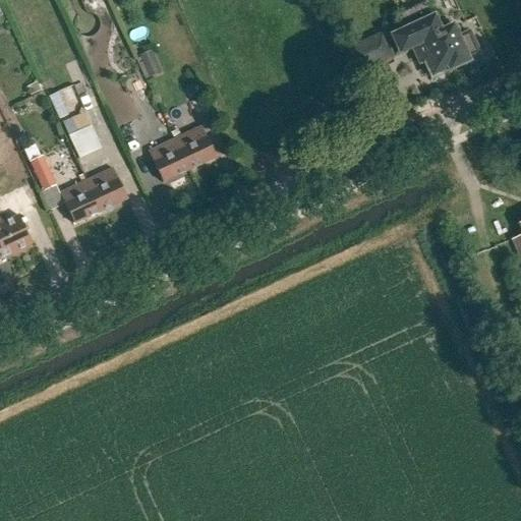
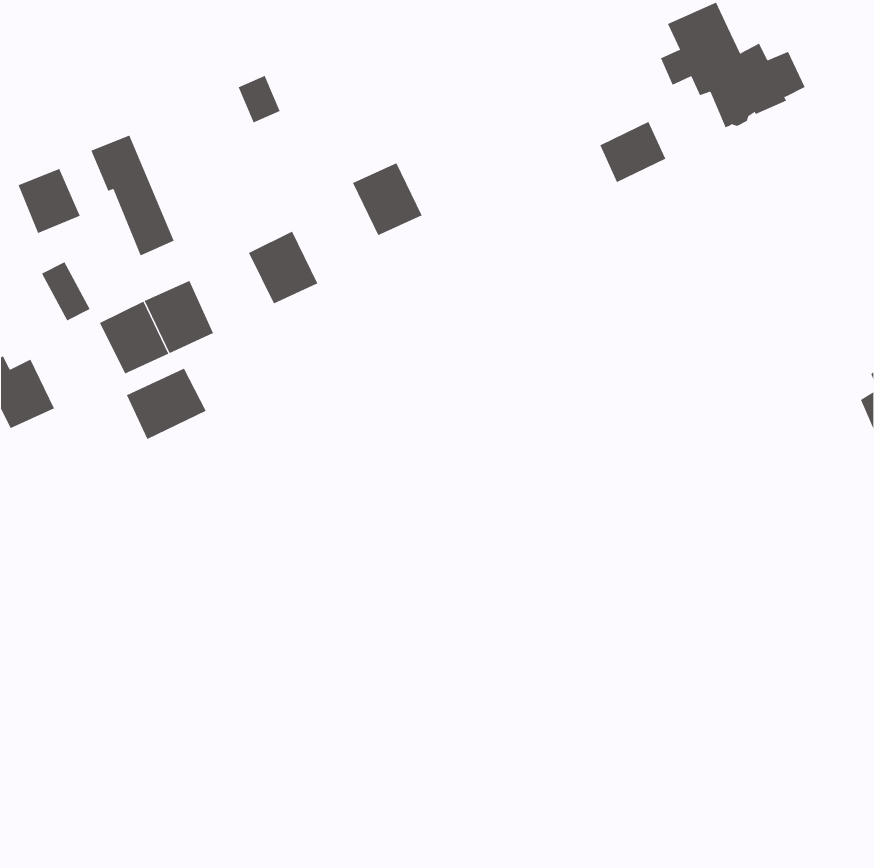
building: [351,34,391,70] -> [599,121,666,183]
building: none -> [18,168,80,234]
building: [174,125,216,169] -> [352,162,422,236]
building: none -> [126,368,206,440]

